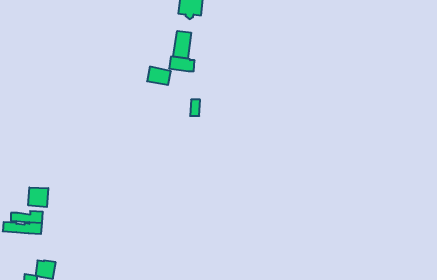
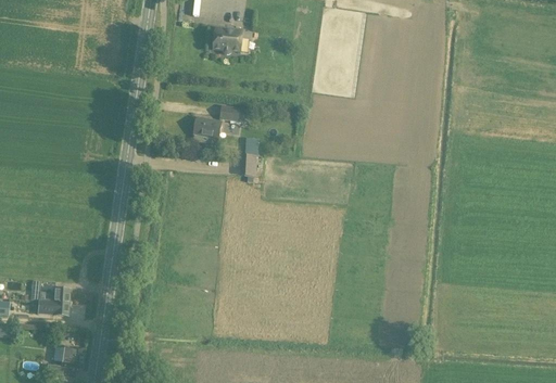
building: [173,31,191,58] -> none
building: [28,187,48,207] -> none

